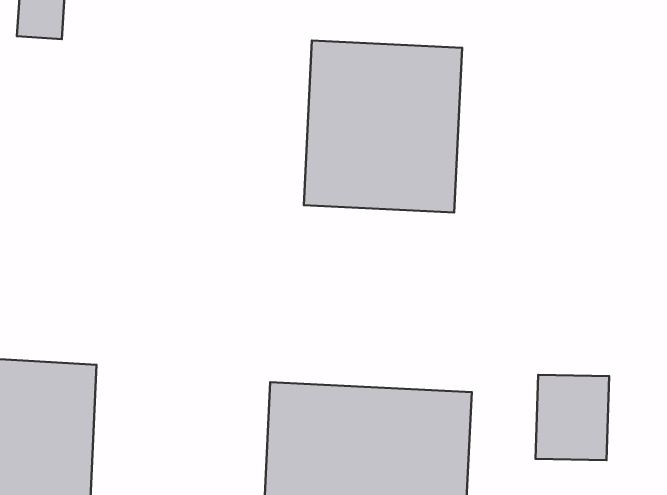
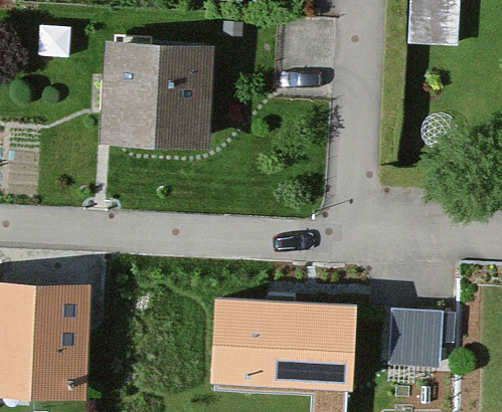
building: none -> [101,42,210,151]
building: [304,40,462,213] -> none

